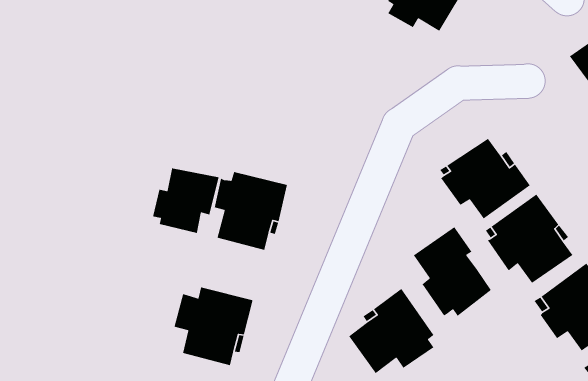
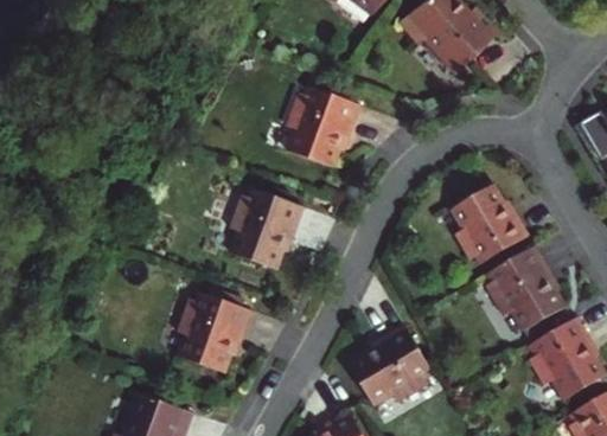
building: none -> [287,85,362,166]
building: [152,167,220,234] -> none
building: [413,226,492,317] -> none

